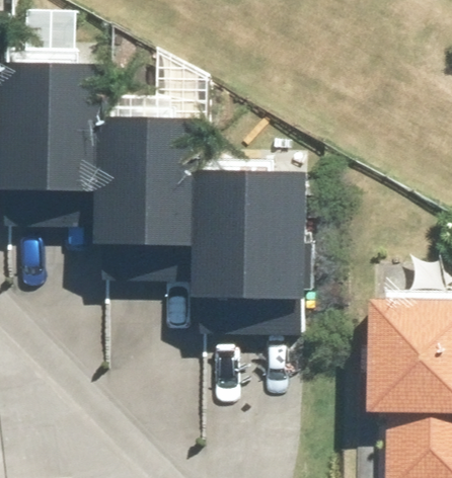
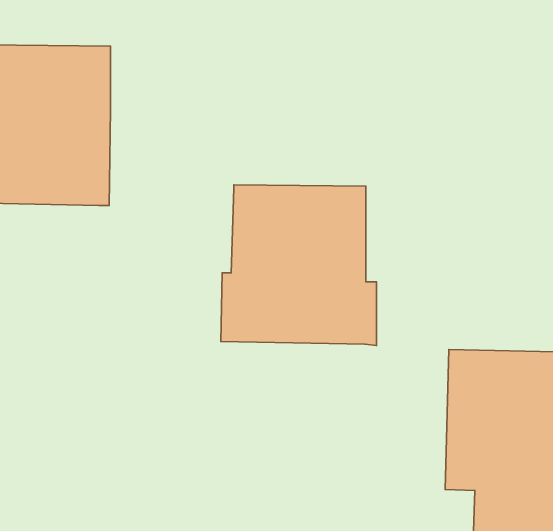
building: [93,113,201,241] -> none

